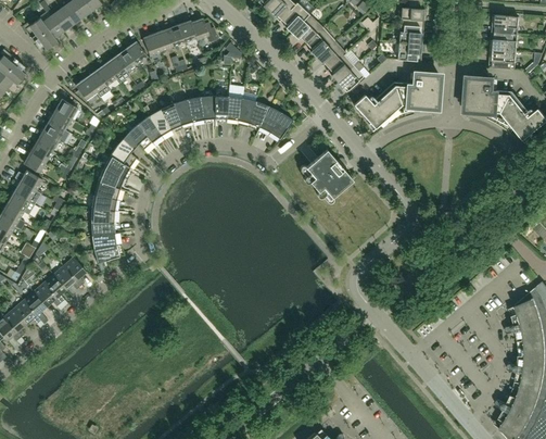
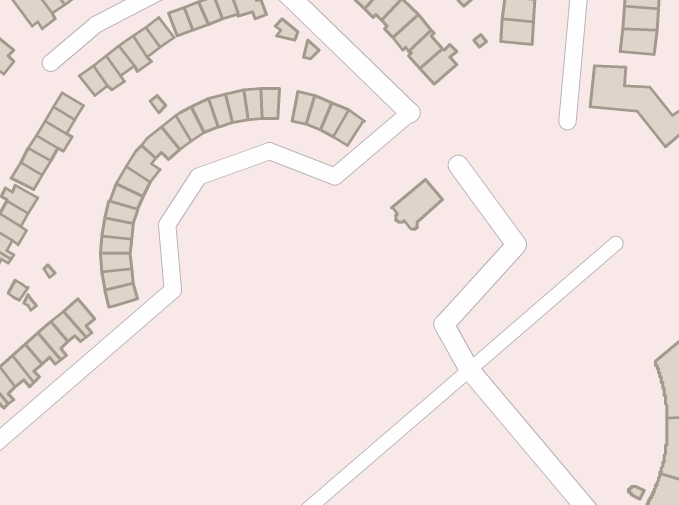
building: [354,74,440,129] -> none
building: [227,85,244,121] -> none
building: [301,150,340,187] -> none

